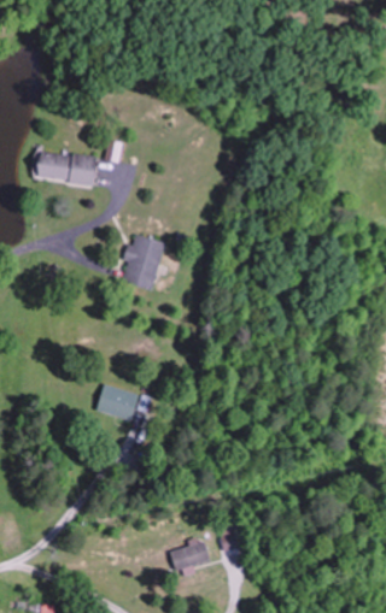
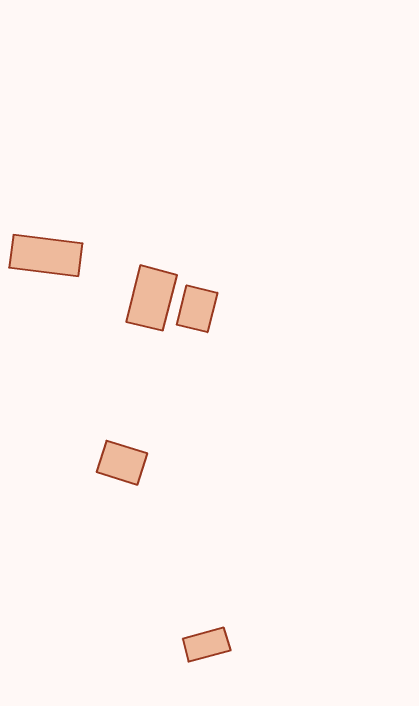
building: [34,149,96,184] -> [9,235,83,276]
building: none -> [177,285,217,332]

